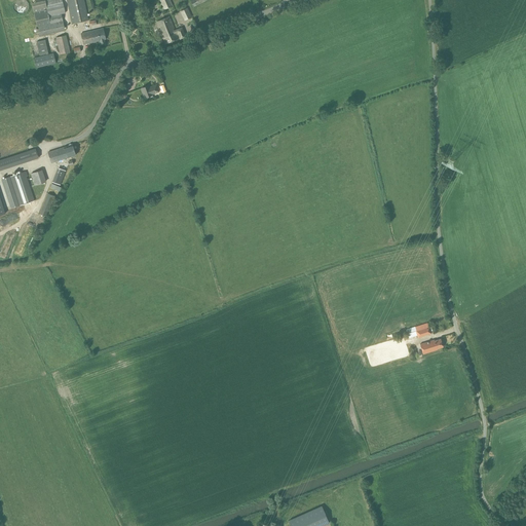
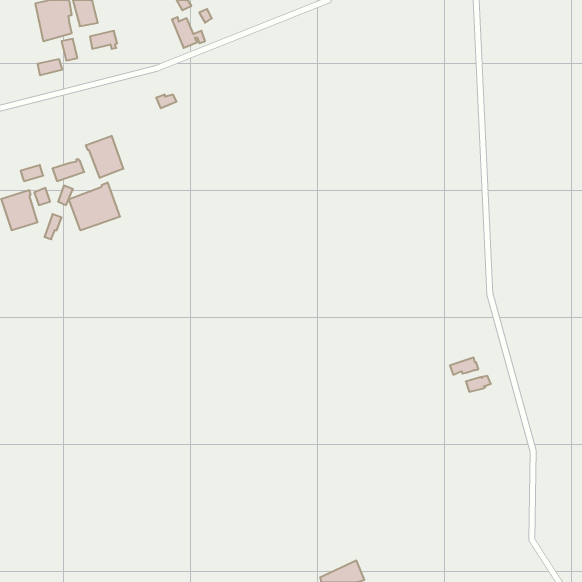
building: none -> [86,136,123,178]
building: none -> [69,182,120,230]

